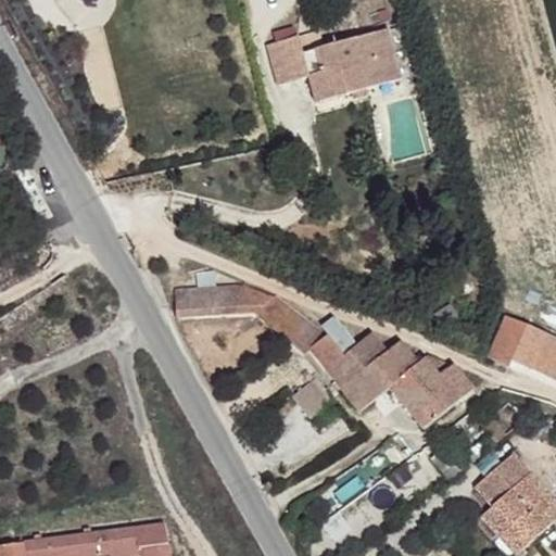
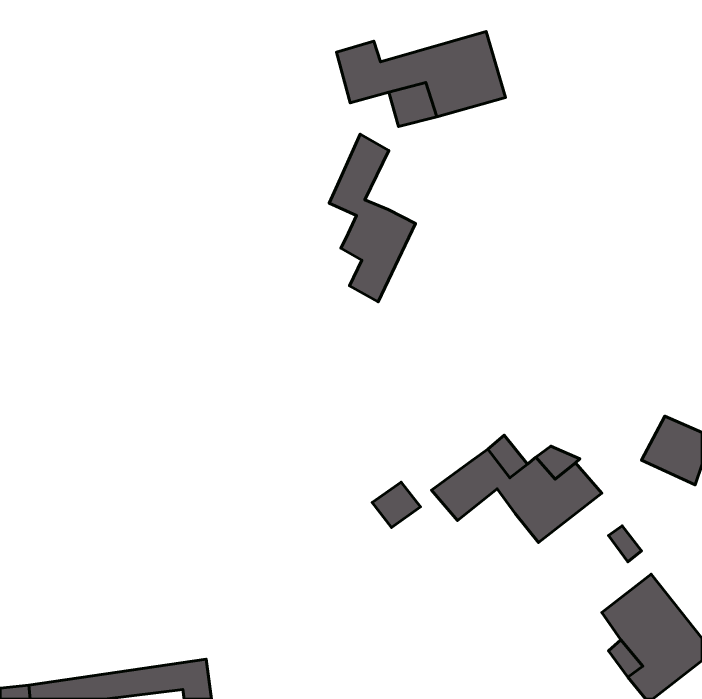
building: none -> [329,134,416,302]
building: [175,285,374,388] -> none
building: [485,318,526,369] -> none

